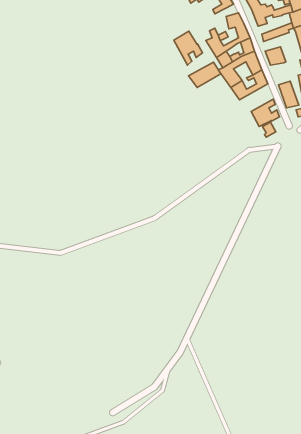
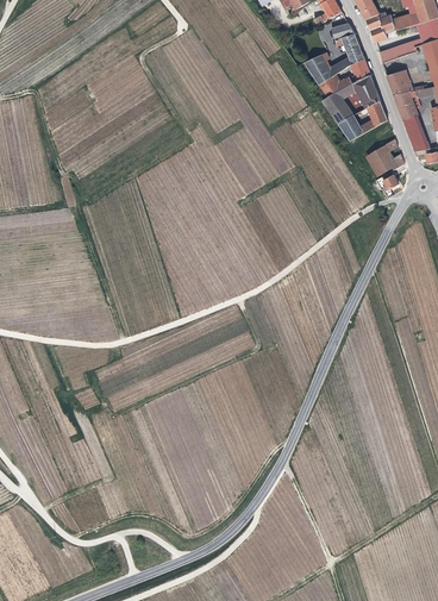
building: [174,31,202,65] -> none
building: none -> [392,89,420,120]
building: [189,62,221,87] -> none

